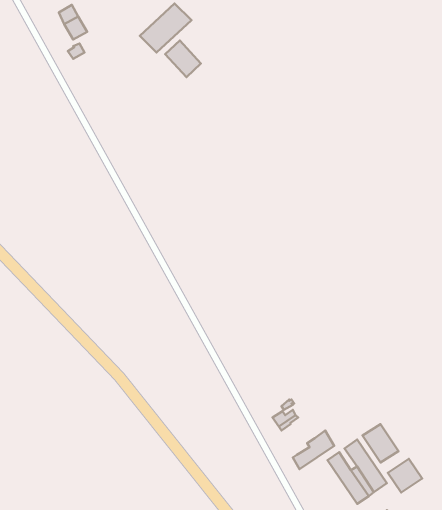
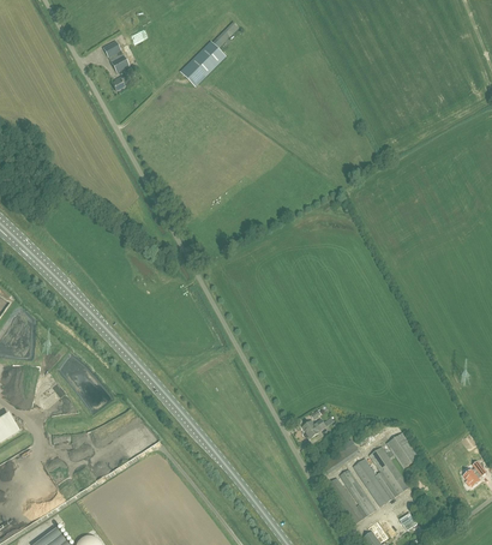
building: [165,40,201,77] -> none
building: [388,459,422,492] -> none

